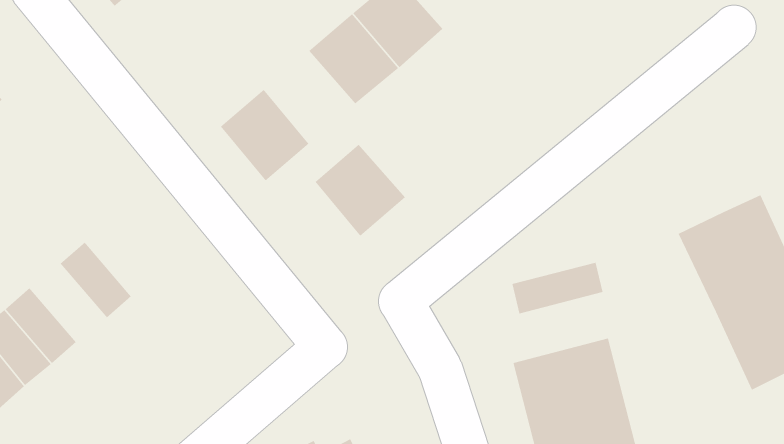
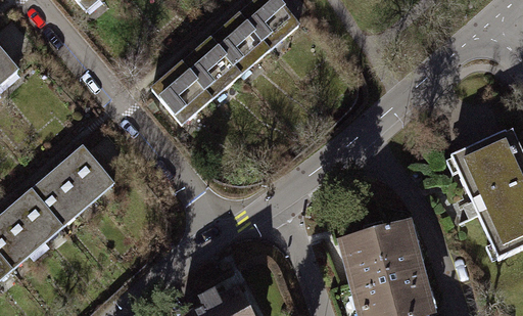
building: [315,144,406,237] -> [183,37,242,97]
building: none -> [66,146,114,196]
building: [511,262,604,314] -> none
building: none -> [31,175,81,226]

